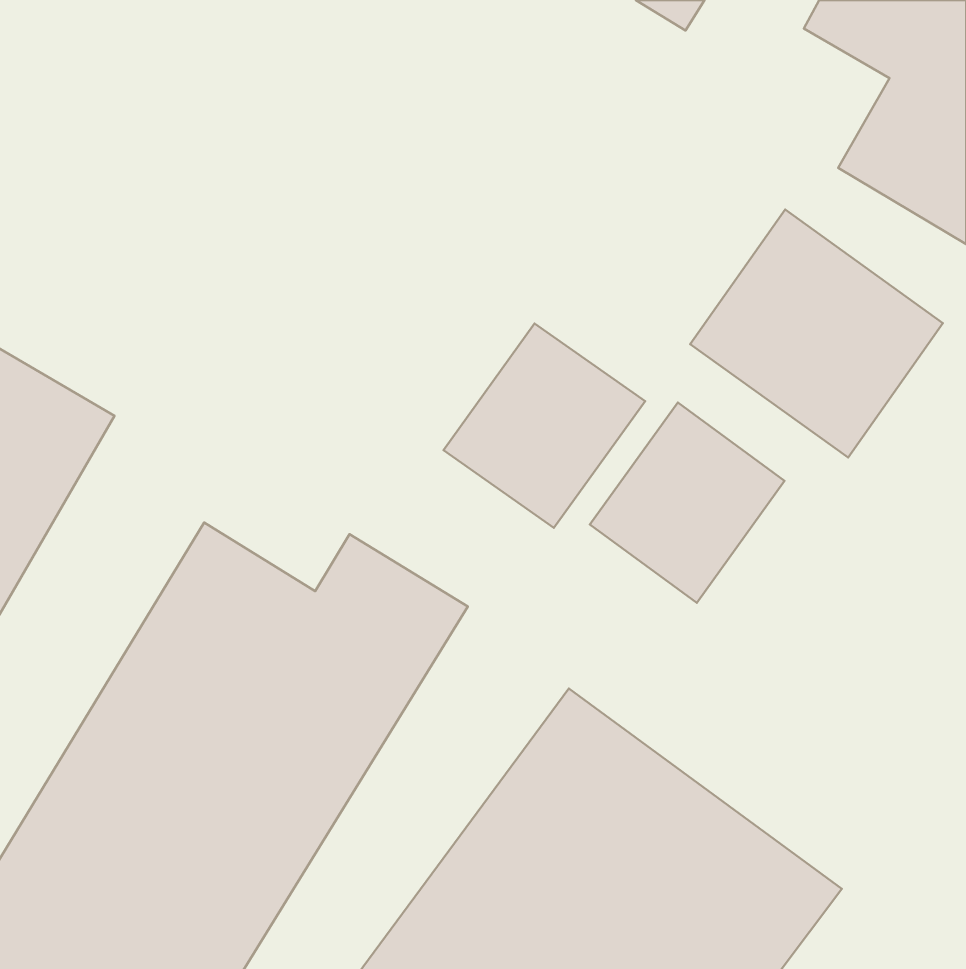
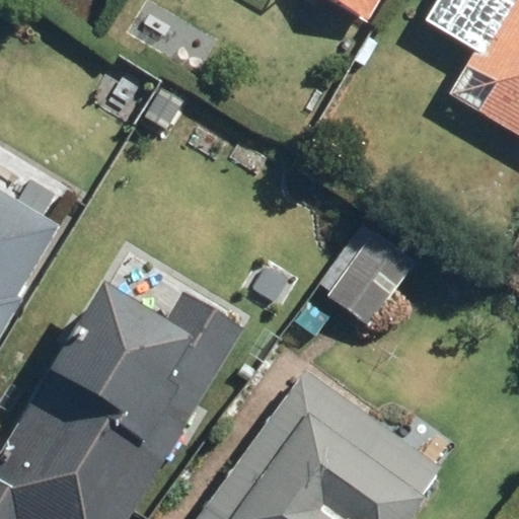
building: [690,210,943,457] -> none
building: [443,323,645,528] -> none

